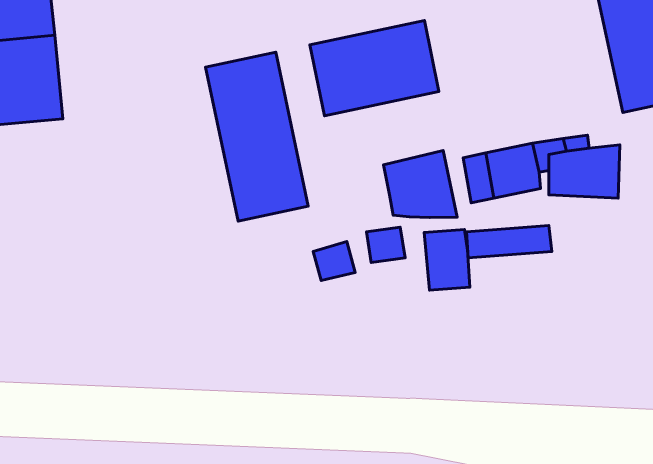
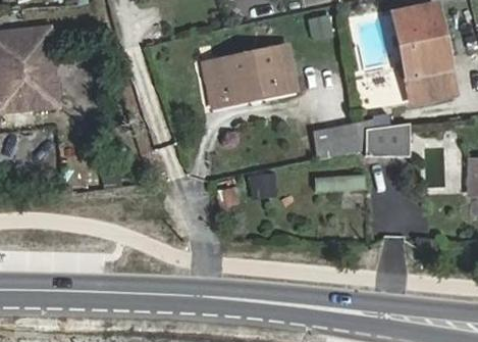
building: [206,52,308,221] -> none
building: [384,151,457,217] -> none
building: [424,230,470,290] -> none

